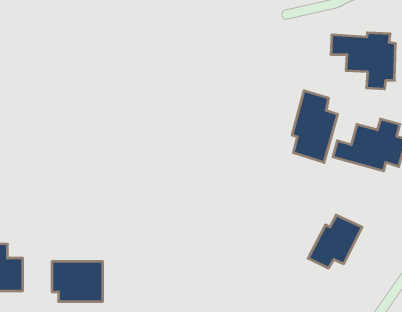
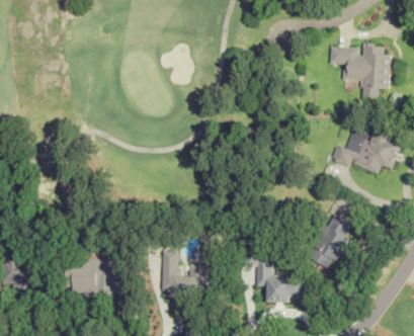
building: [292,91,337,163] -> none
building: none -> [162,252,203,298]
building: none -> [255,258,304,302]

